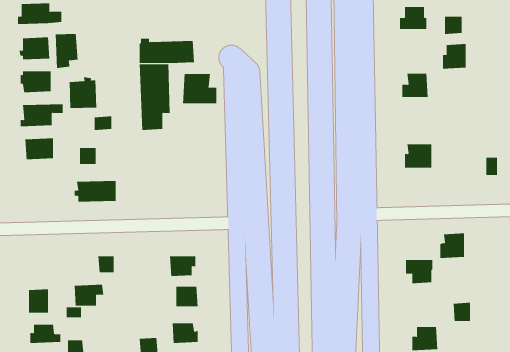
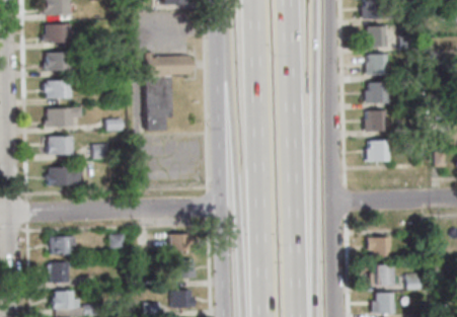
building: [55,33,78,69] -> none
building: [442,43,467,69] -> [364,54,384,75]
building: [183,73,217,104] -> none
building: [69,77,97,109] -> none
building: none -> [363,110,384,132]
building: [74,180,116,202] -> [47,166,82,184]
building: [439,233,465,258] -> [369,264,390,286]
building: [74,284,104,306] -> [51,235,76,253]

